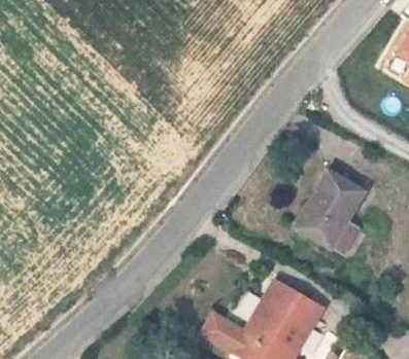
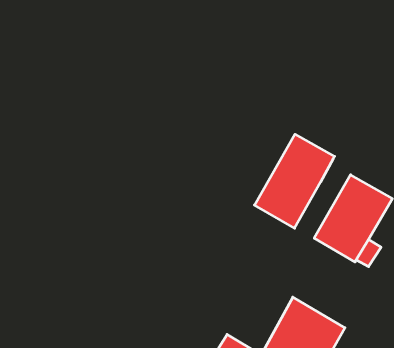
building: none -> [254,134,335,228]

